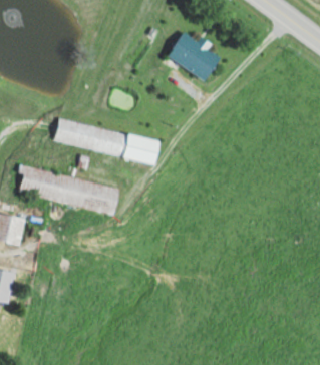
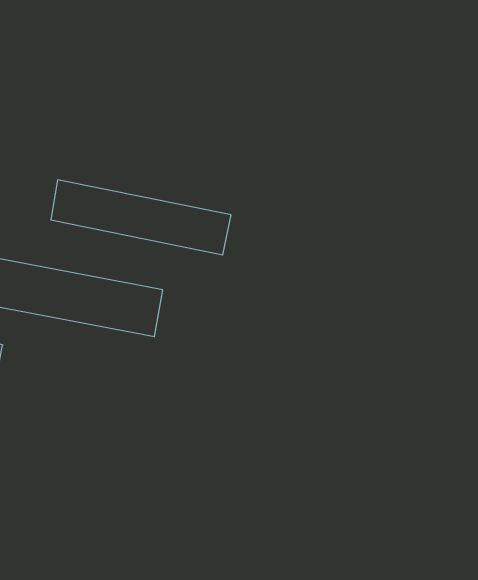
building: [169,31,222,79] -> none

